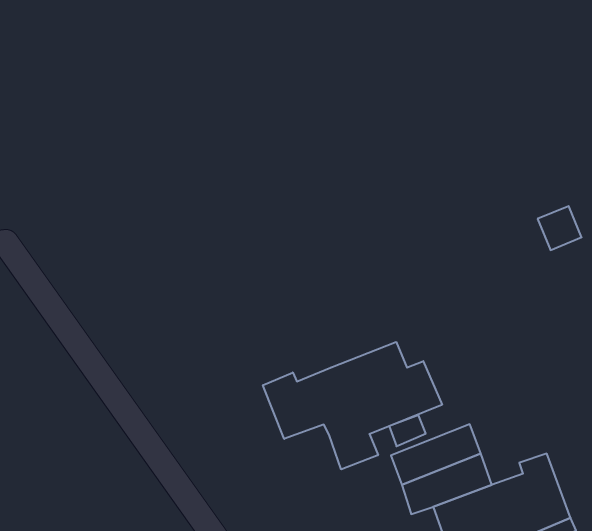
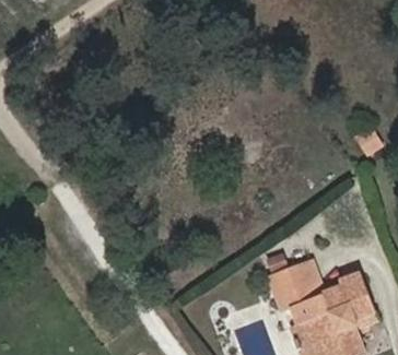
building: [263,342,442,469] -> none

